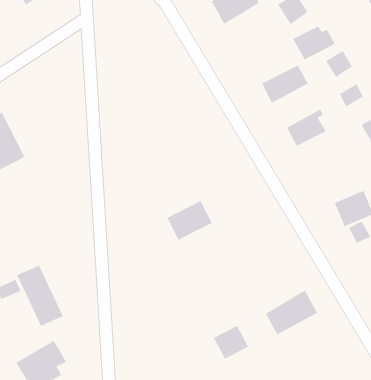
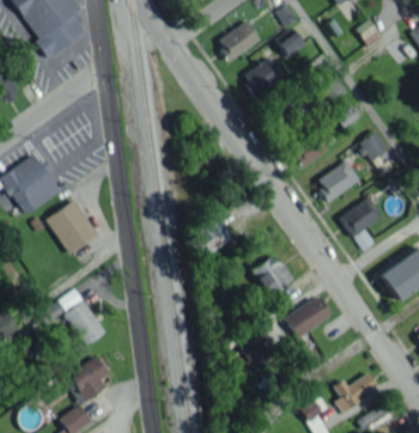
building: [292,26,336,60] -> [242,62,281,94]
building: none -> [316,161,360,202]
building: none -> [47,200,99,255]
building: none -> [253,255,293,297]

